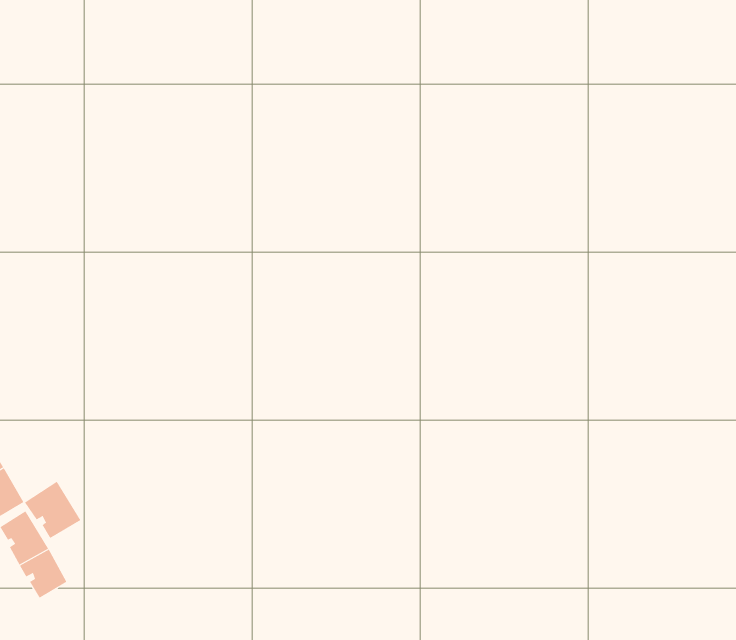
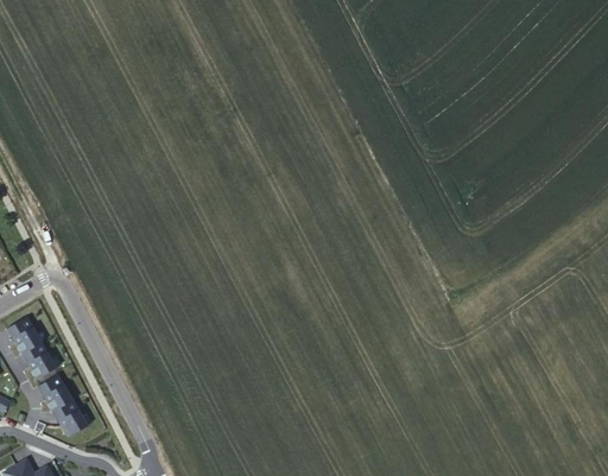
building: [24,481,81,539] -> none

